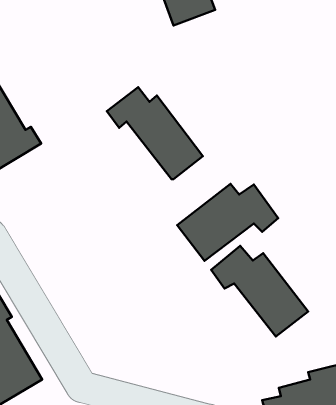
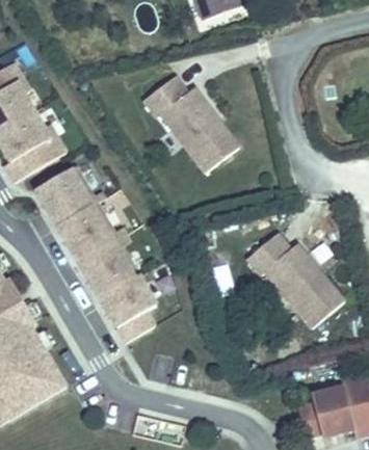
building: none -> [44,159,164,335]
building: [177,184,278,261] -> none

